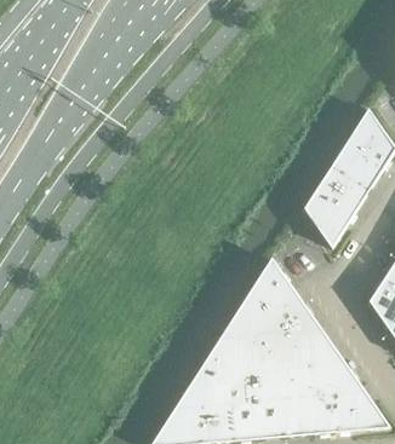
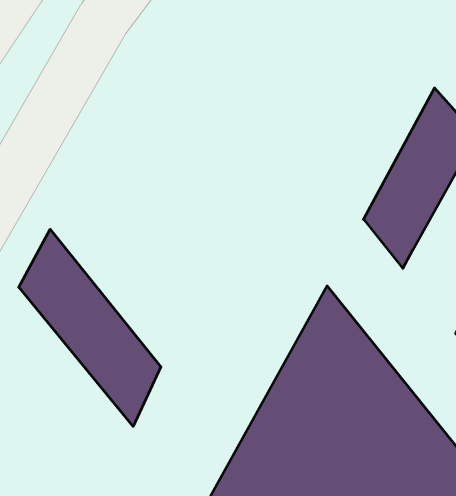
building: none -> [19,229,161,426]

